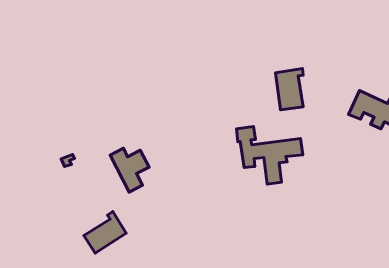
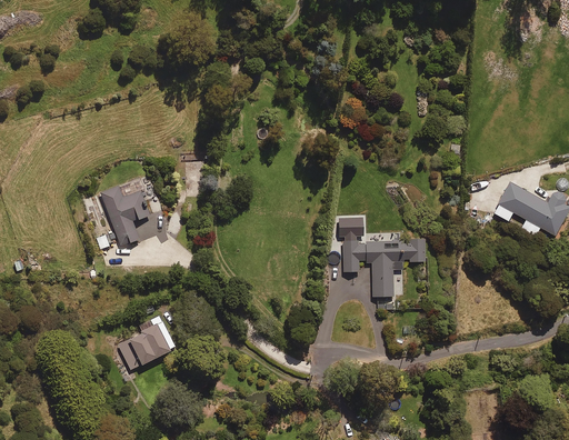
building: [275,69,303,110] -> none
building: [110,148,149,192] -> [101,184,152,244]

